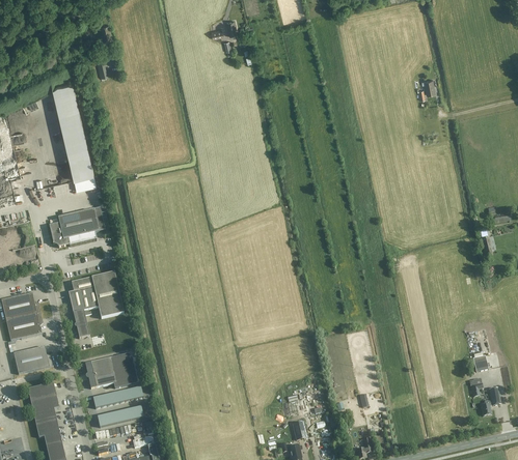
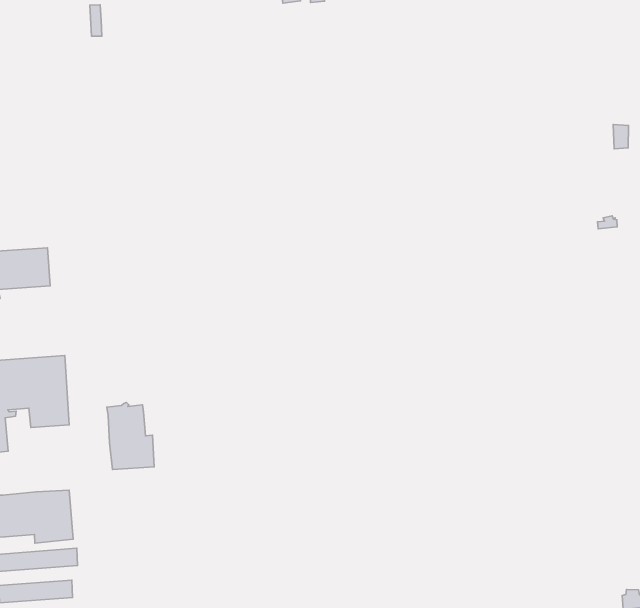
building: [52,83,90,180] -> none
building: none -> [107,403,154,470]

